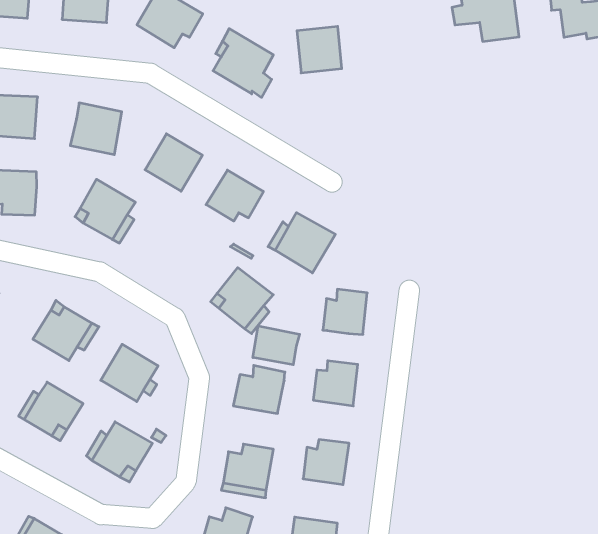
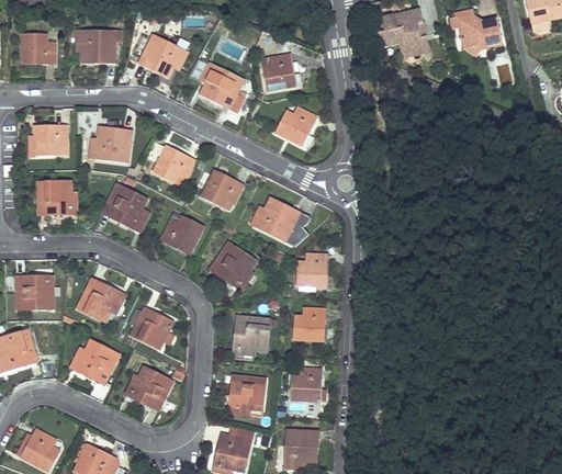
building: none -> [274,105,317,145]
building: none -> [161,215,204,253]
building: [253,326,300,365] -> none

